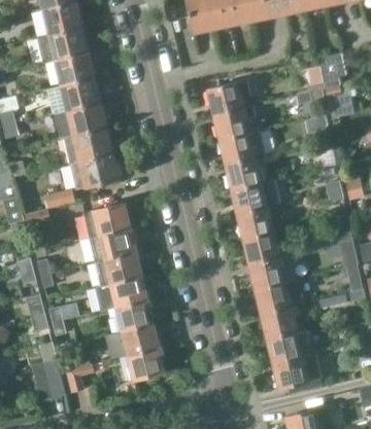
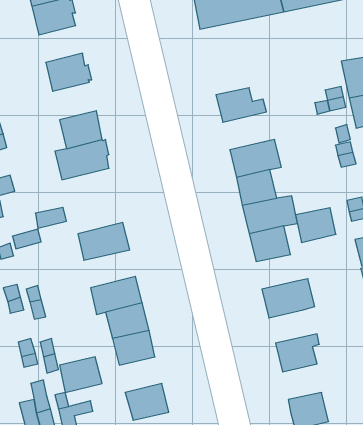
building: [37,27,88,63] -> none
building: [61,77,100,111] -> none
building: [213,104,256,138] -> none
building: [69,154,117,189] -> none
building: [89,227,135,261] -> none
building: [243,231,279,262] -> [296,208,336,242]
building: [255,281,299,311] -> none
building: [121,323,159,355] -> [60,357,102,393]
building: [267,329,308,361] -> none

